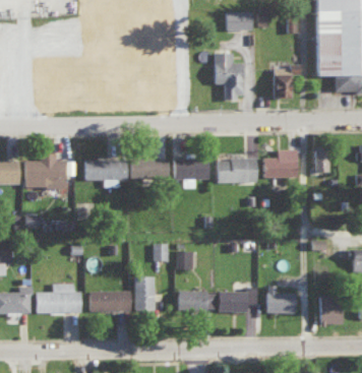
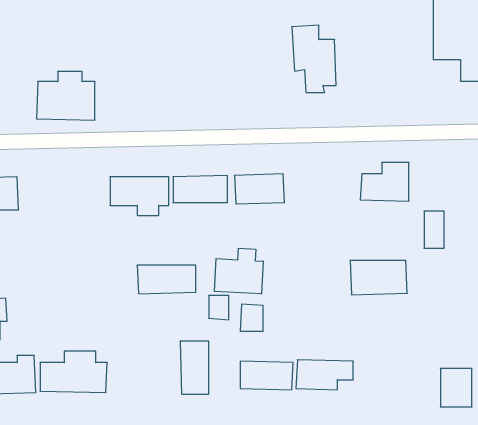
building: [273,67,299,100] -> none
building: [314,146,328,173] -> [424,211,444,248]
building: [23,154,65,189] -> [36,72,95,120]
building: [216,160,256,184] -> [350,260,407,295]
building: none -> [214,248,263,294]
building: [266,286,296,314] -> none
building: [88,292,130,312] -> [137,265,196,294]

